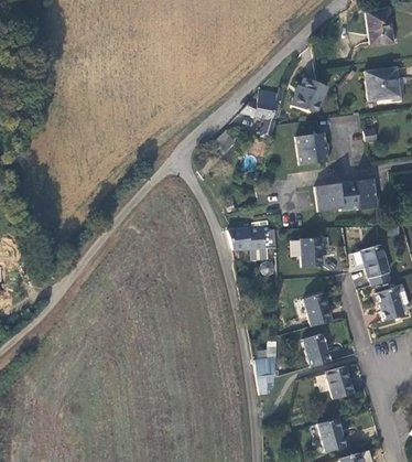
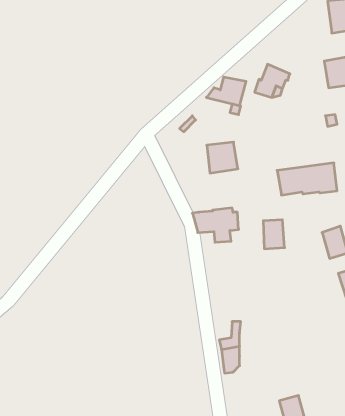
building: [296,133,328,165] -> [207,142,238,173]
building: [302,293,329,326] -> none
building: [302,334,328,367] -> none
building: [325,366,351,398] -> none

